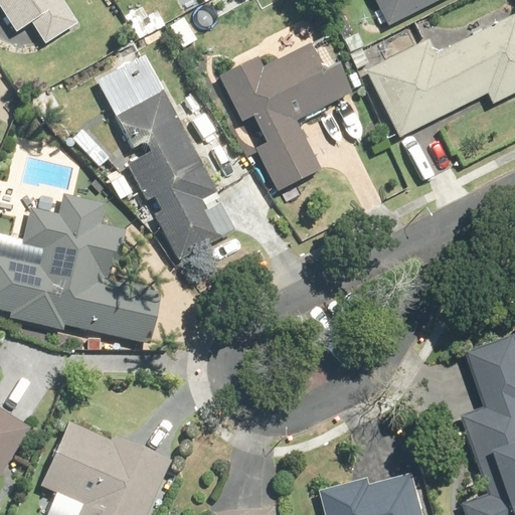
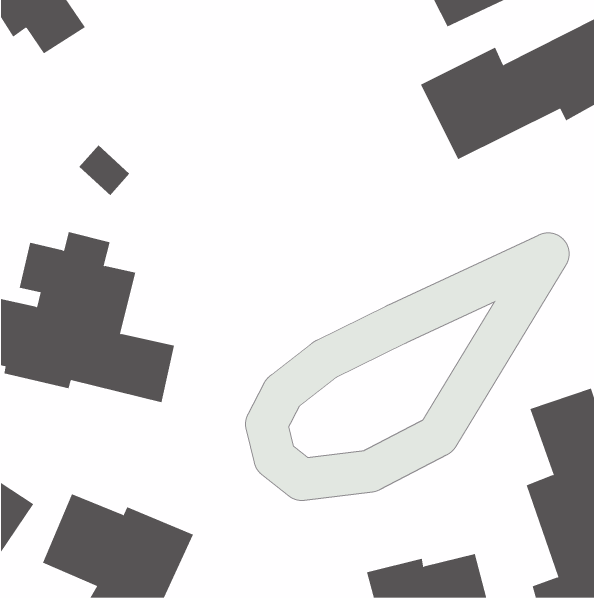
building: [216,45,355,190] -> none
building: [97,50,226,266] -> none

